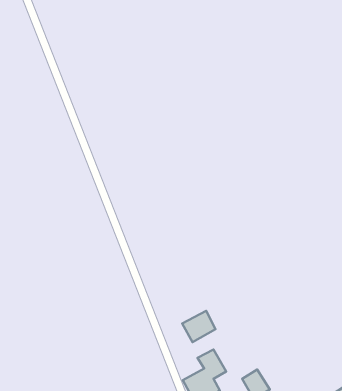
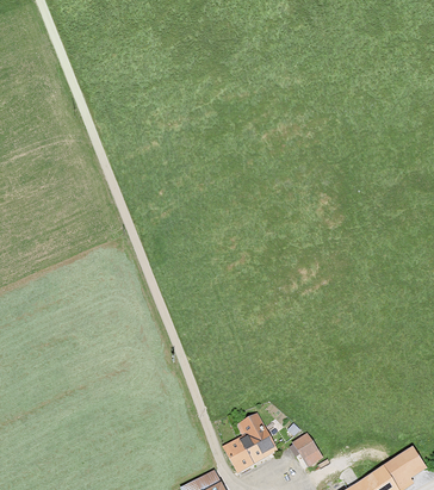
building: [182,311,216,342] -> none

